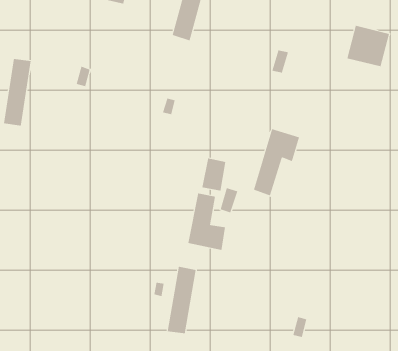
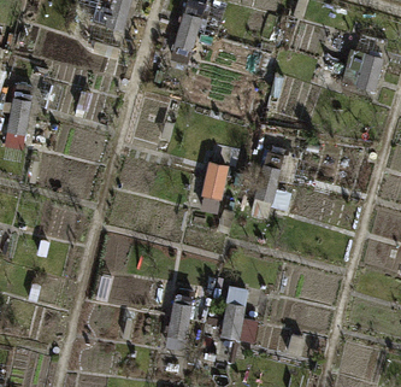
building: [188,193,226,251] -> [220,287,258,344]

